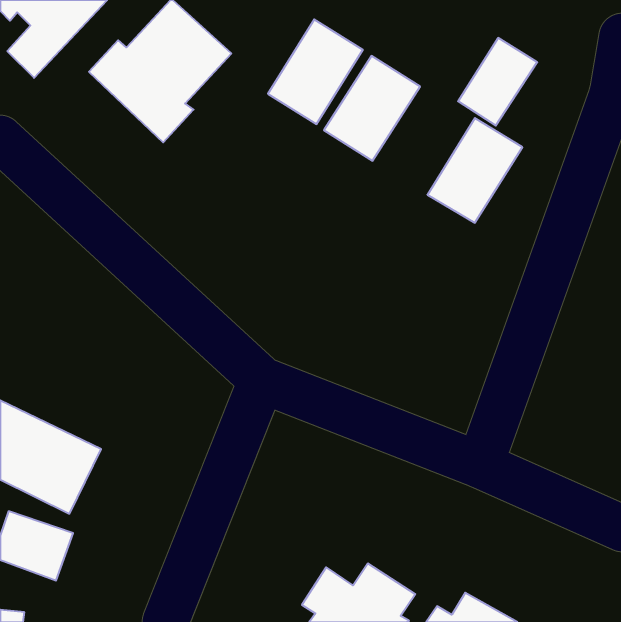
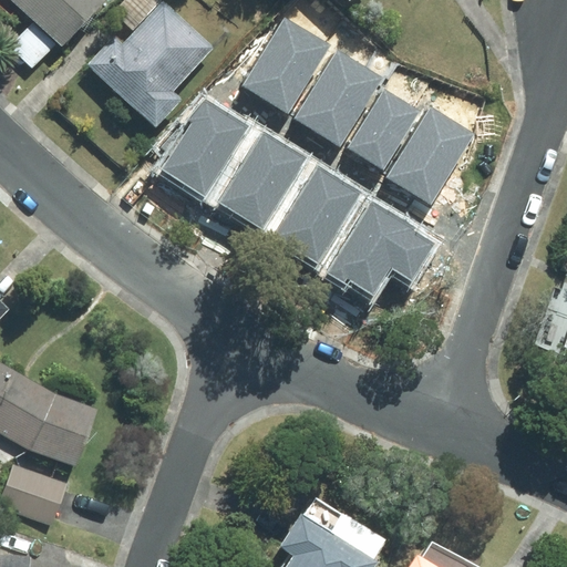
building: [458,38,537,126] -> [350,89,422,168]
building: none -> [162,99,250,197]
building: none -> [221,132,309,229]
building: none -> [276,166,363,264]
building: none -> [328,200,435,295]

